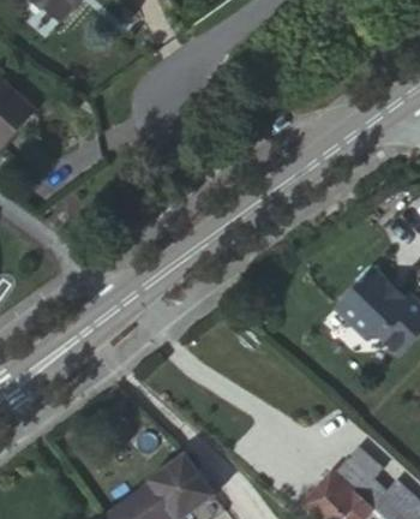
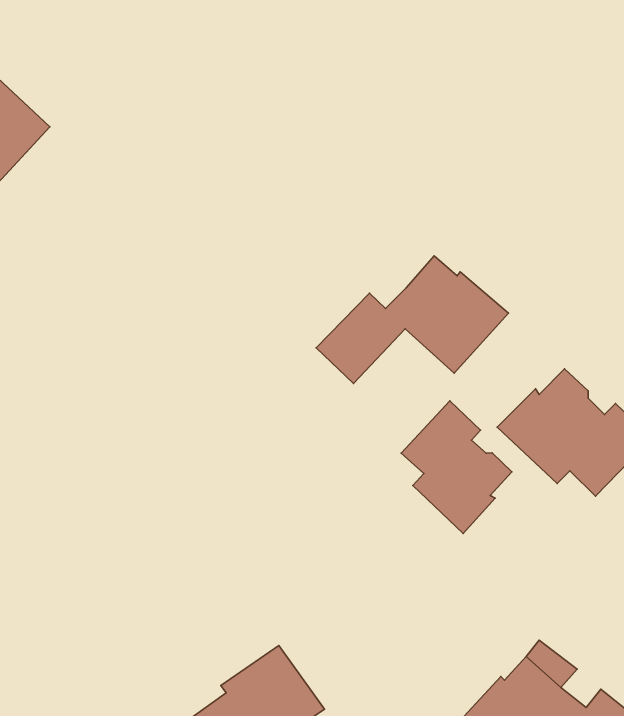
building: none -> [316,256,508,383]
building: none -> [401,401,512,534]

